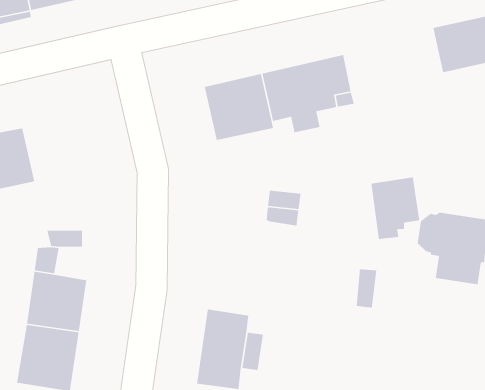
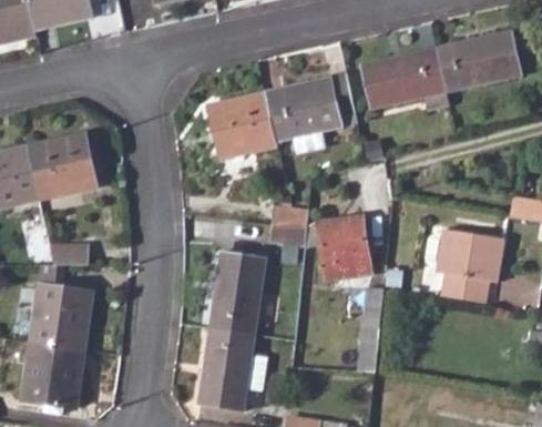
building: none -> [364,45,447,108]
building: none -> [28,132,98,200]
building: [370,176,420,240] -> [316,216,366,279]
building: none -> [212,254,265,333]

